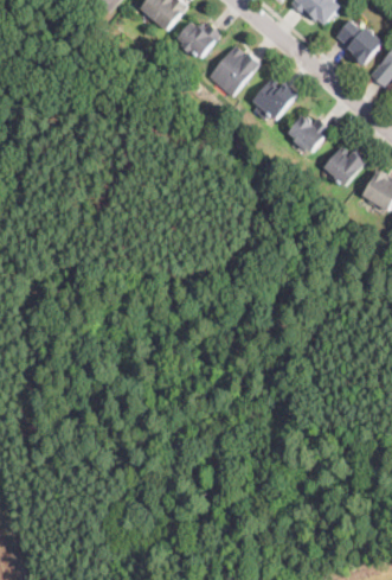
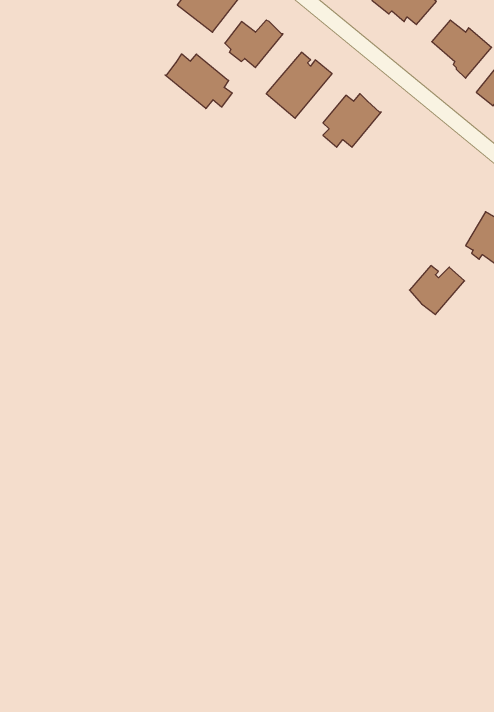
building: none -> [165,54,232,109]
building: [287,114,330,152] -> none
building: [322,147,365,185] -> [409,266,465,315]

